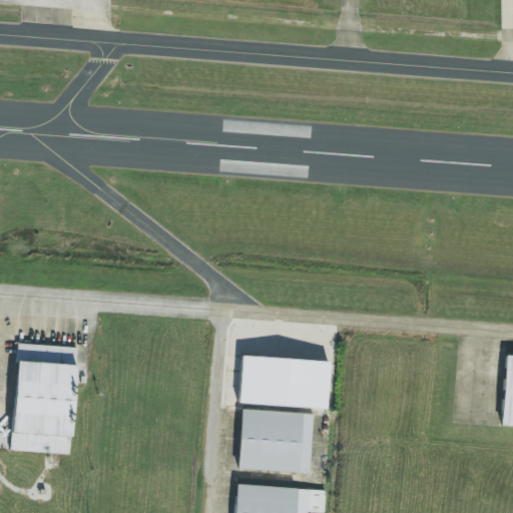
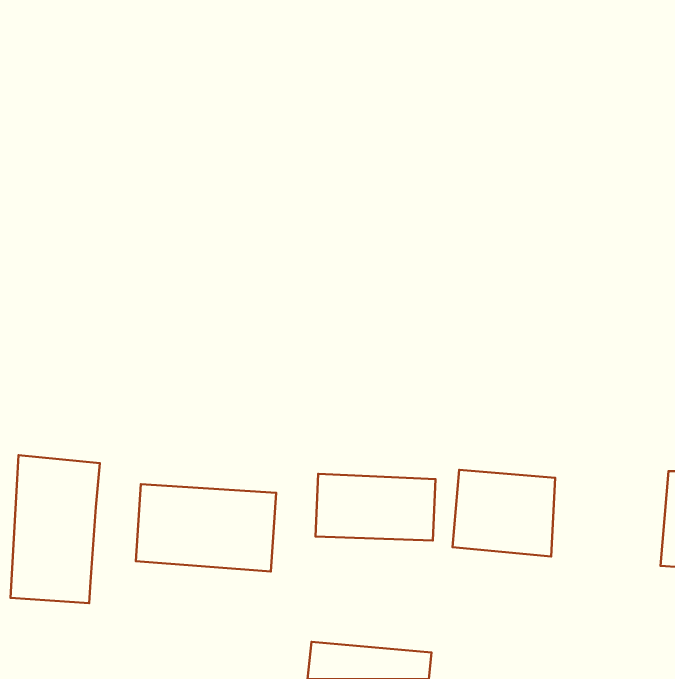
building: none -> [136,484,276,571]
building: [238,409,316,474] -> [453,470,555,556]

